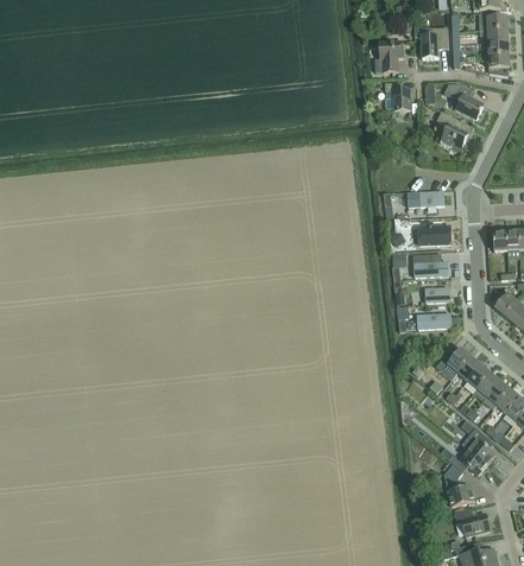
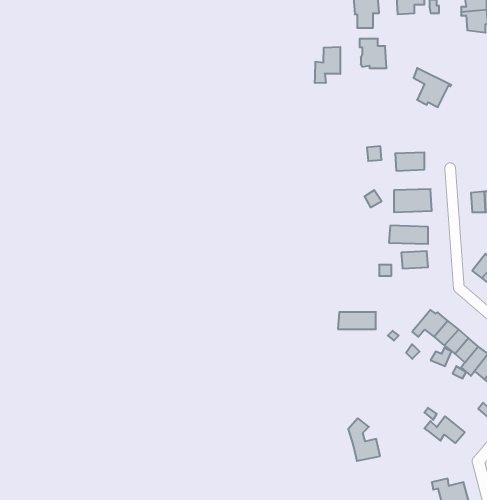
building: [444,82,484,119] -> none
building: none -> [315,47,340,83]
building: [417,316,454,332] -> [338,312,376,329]
building: [460,419,495,463] -> none
building: [443,463,474,504] -> [348,418,380,461]

